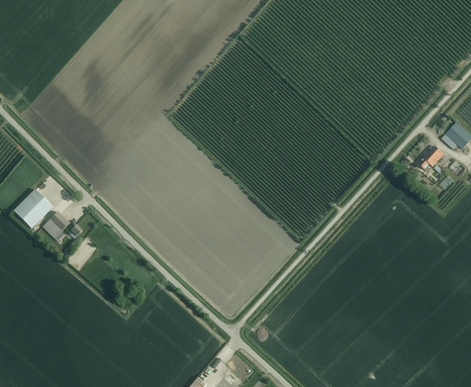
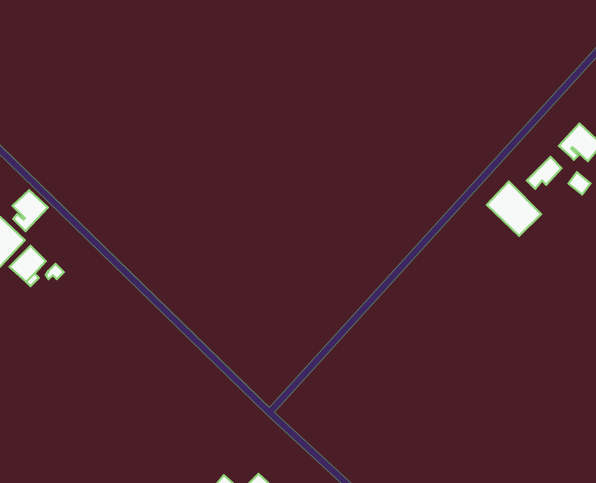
building: none -> [487,182,541,236]
building: none -> [13,190,48,231]

